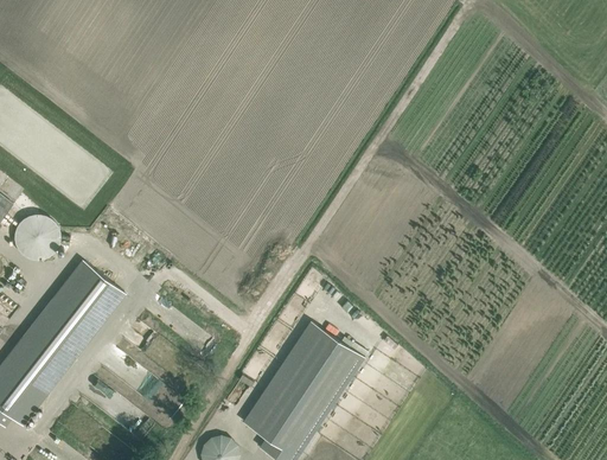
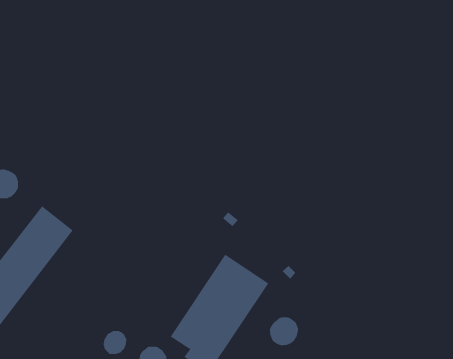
building: none -> [269,316,299,346]
building: none -> [103,330,127,355]

